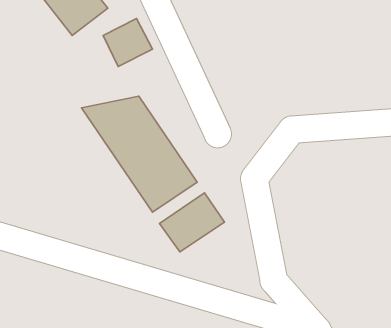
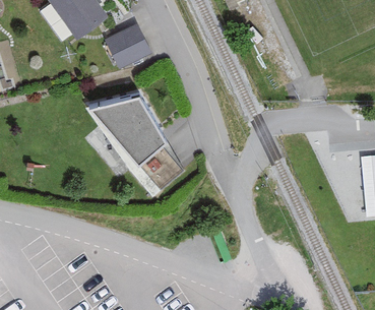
building: [159,193,225,252] -> none

